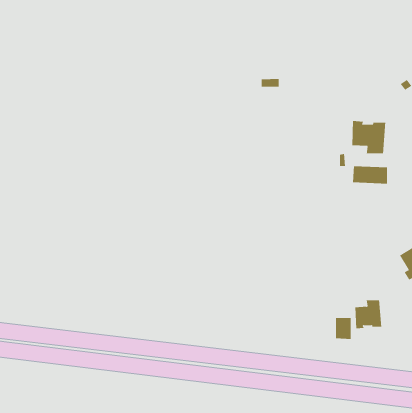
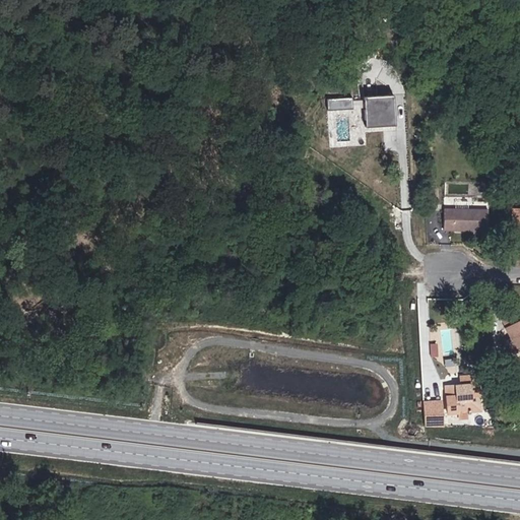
building: none -> [364,94,396,126]
building: [352,120,386,154] -> none

